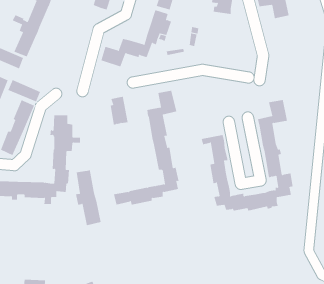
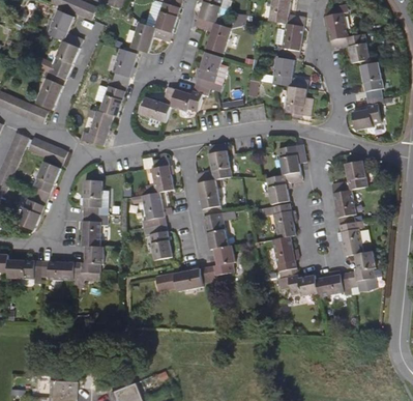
building: none -> [82,46,136,144]
building: none -> [272,57,313,115]
building: none -> [352,61,390,130]
building: none -> [266,143,305,203]
building: [75,170,101,226] -> [141,191,173,259]

